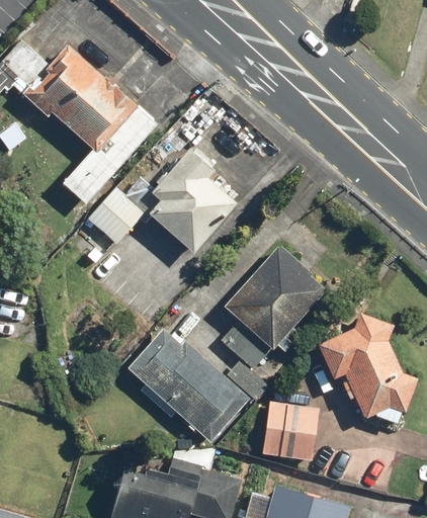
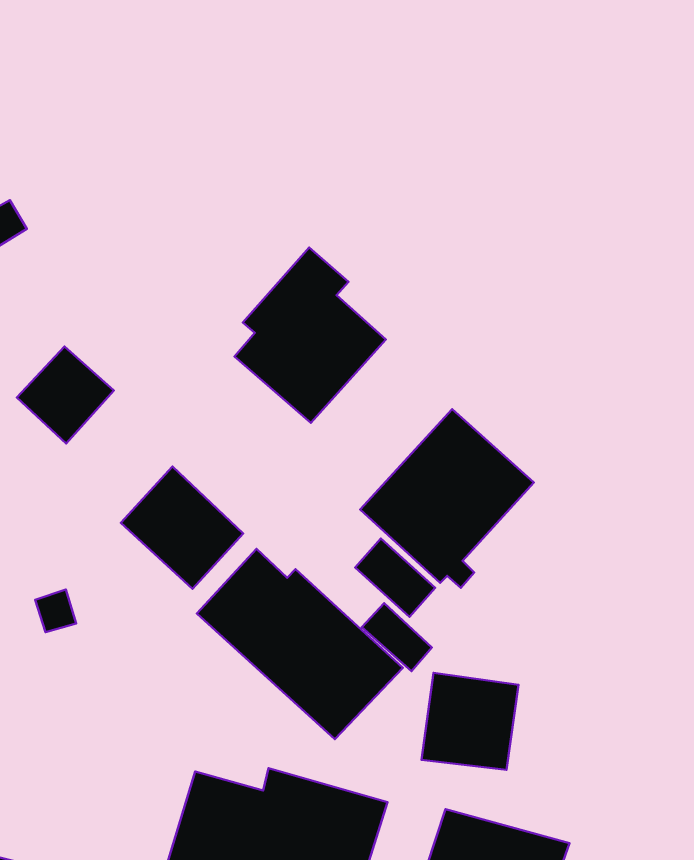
building: [22,45,158,204] -> none
building: [86,186,144,244] -> [17,346,114,443]
building: none -> [121,467,243,589]
building: [318,312,417,423] -> none

